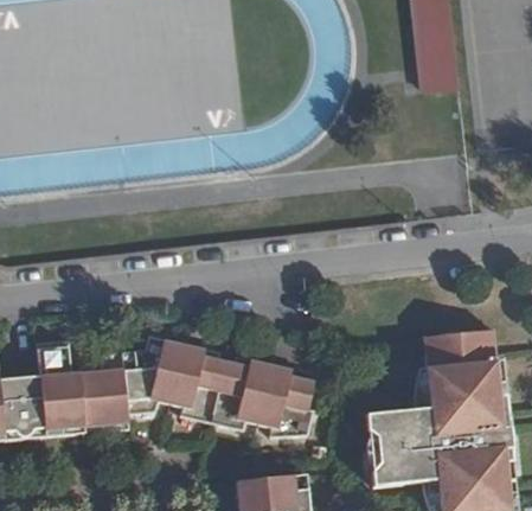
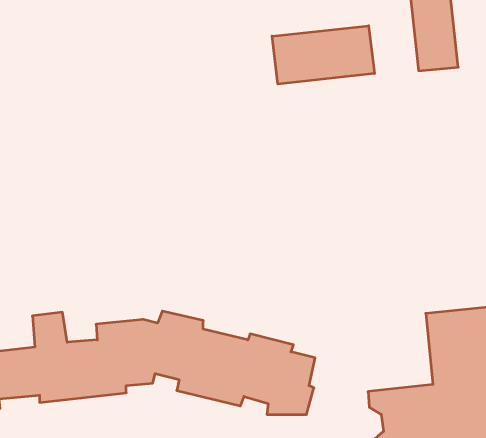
building: none -> [272,26,374,84]

